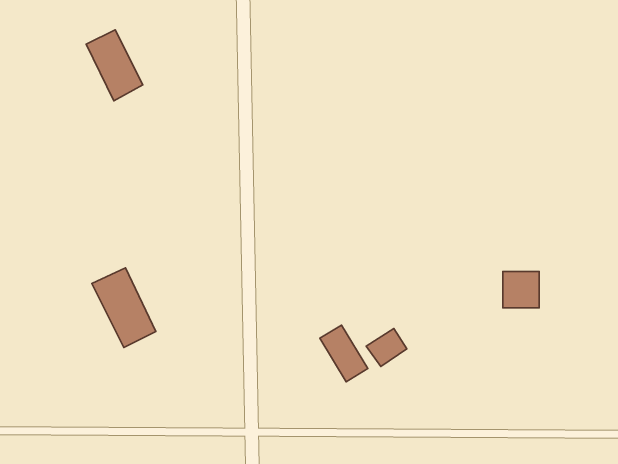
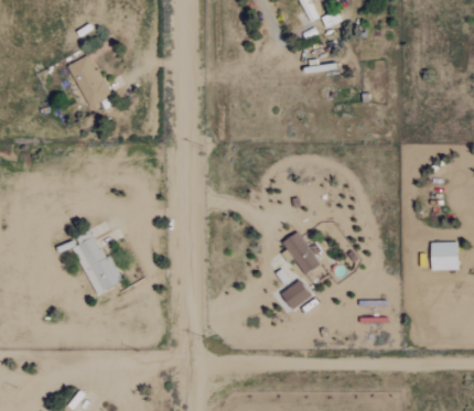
building: [503,271,539,308] -> [432,241,460,269]
building: [320,325,368,382] -> [283,230,320,273]

